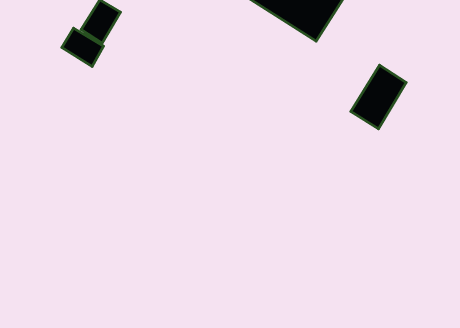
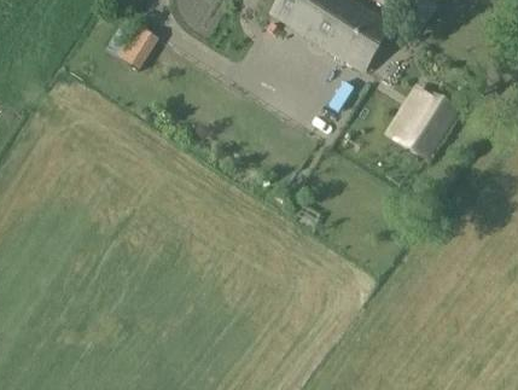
building: [62,28,103,67] -> none

